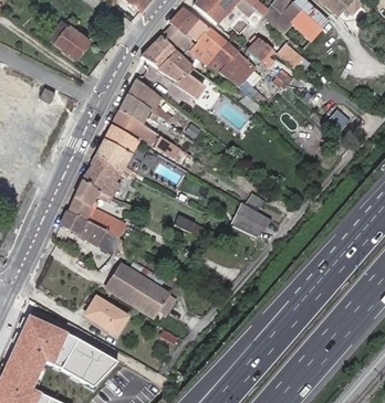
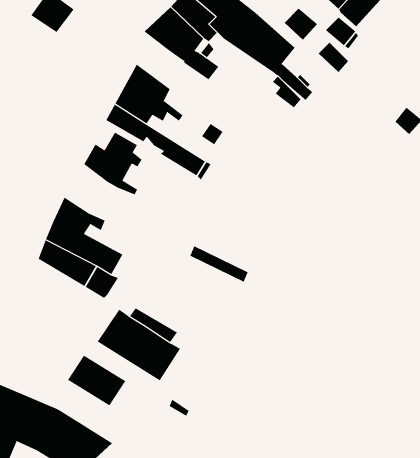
building: [81,155,121,197] -> none
building: [231,204,268,237] -> none

